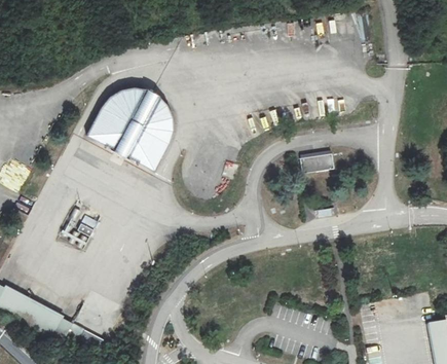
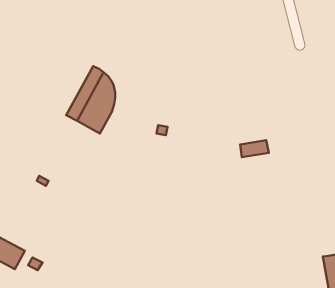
building: [87,87,147,149] -> none
building: [300,153,335,174] -> [240,140,269,157]

